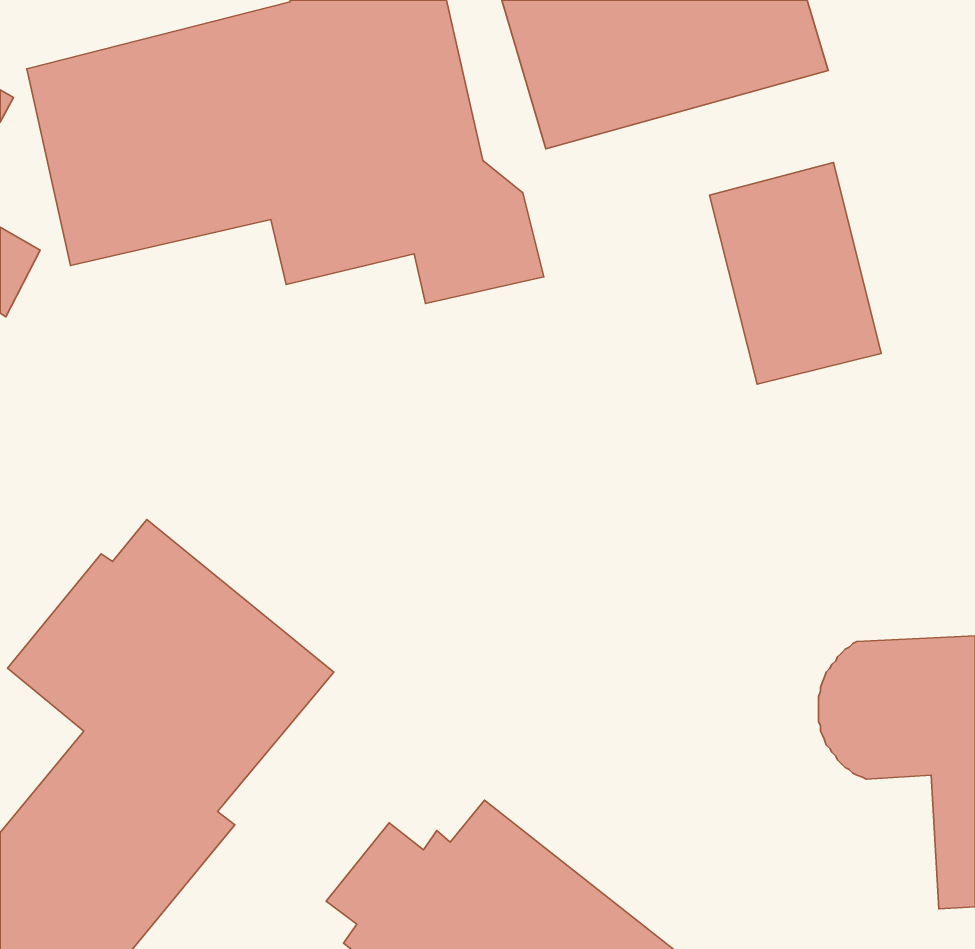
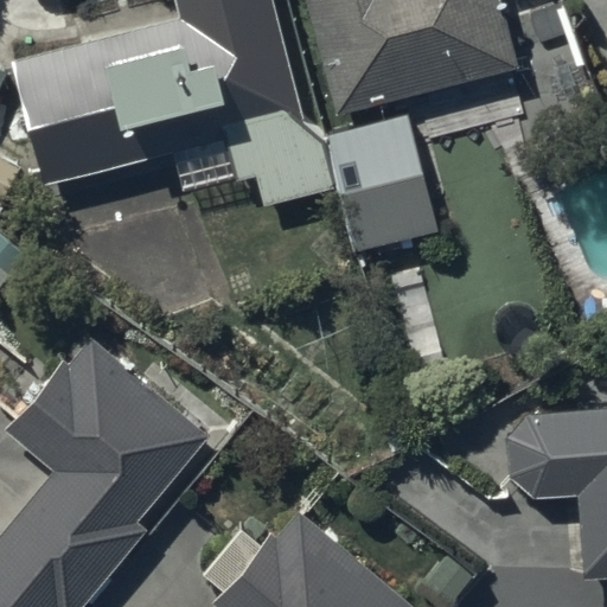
building: [709,163,881,384] -> [336,122,442,260]

